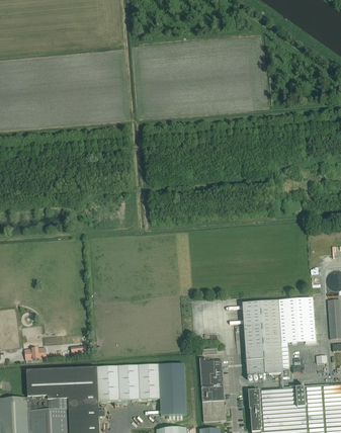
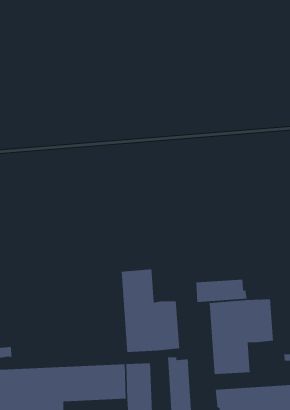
building: none -> [121,268,180,353]
building: none -> [195,279,247,303]

